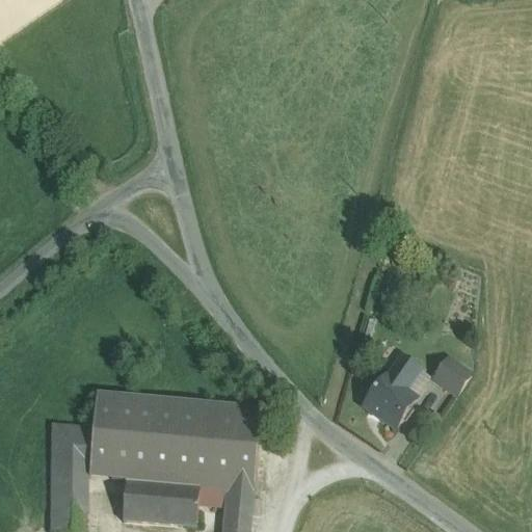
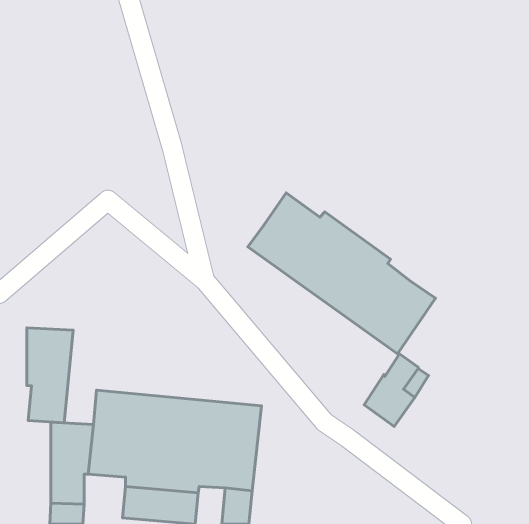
building: none -> [248,193,435,354]
building: none -> [27,328,73,423]
building: [433,356,471,394] -> none

